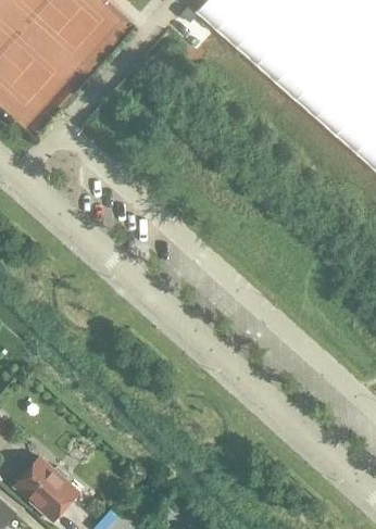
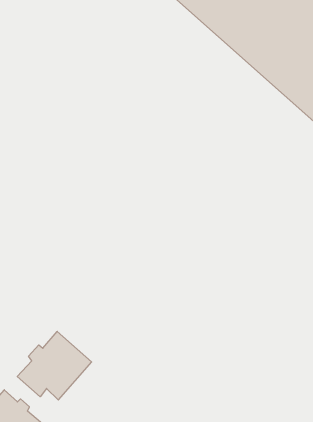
building: none -> [17,331,92,400]

